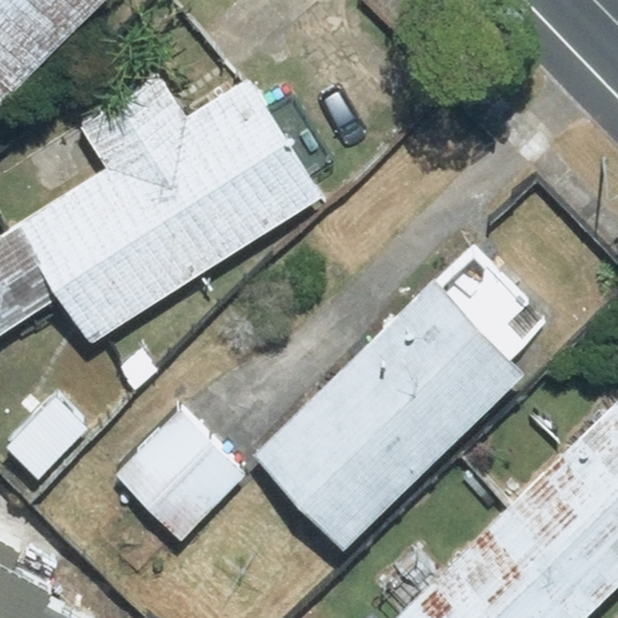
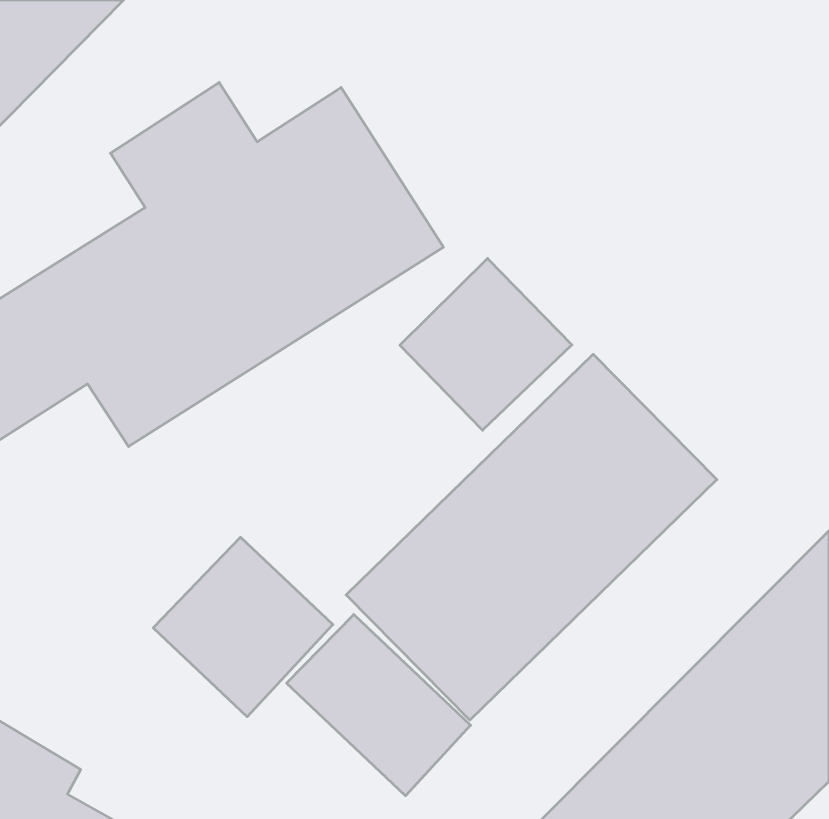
building: none -> [400,258,572,430]
building: none -> [287,614,471,796]

